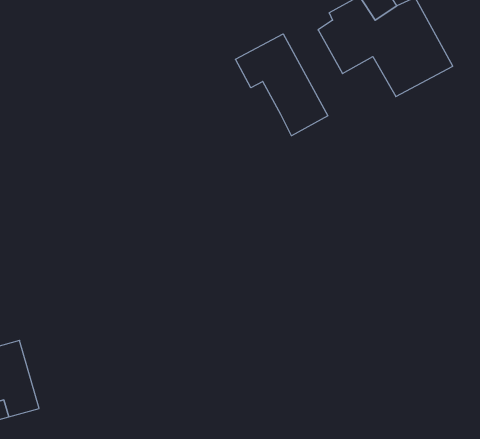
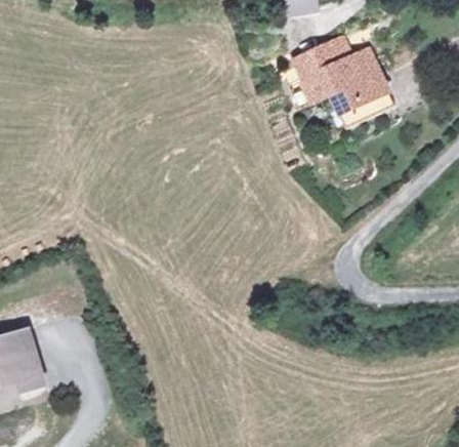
building: [235,34,328,136] -> none

